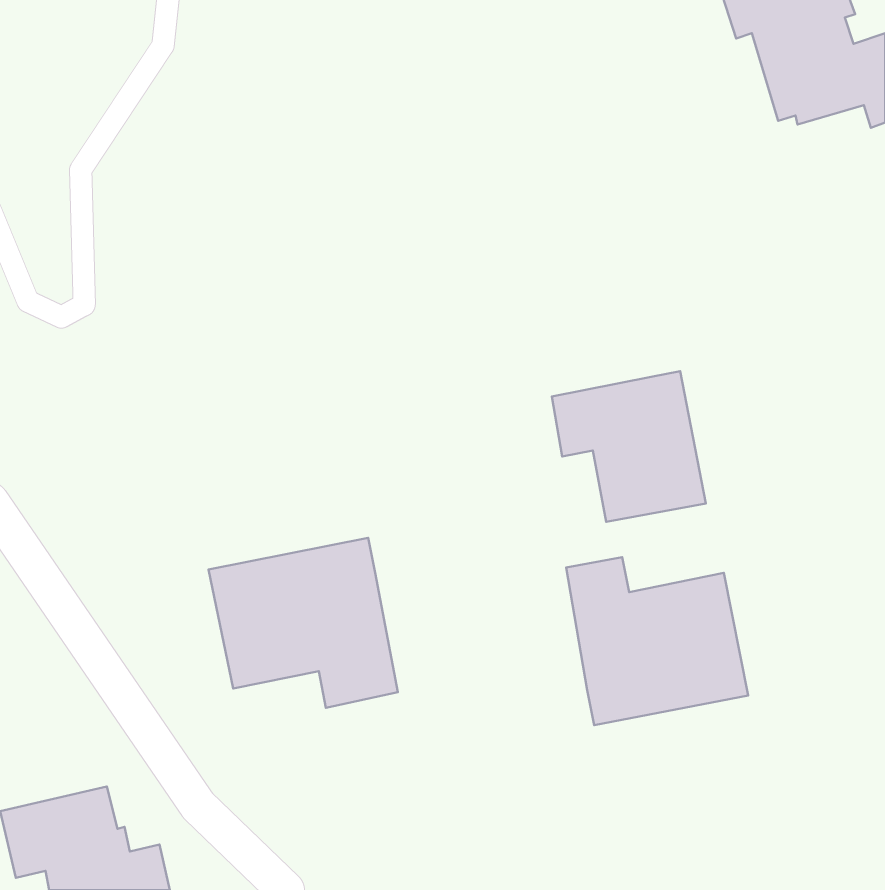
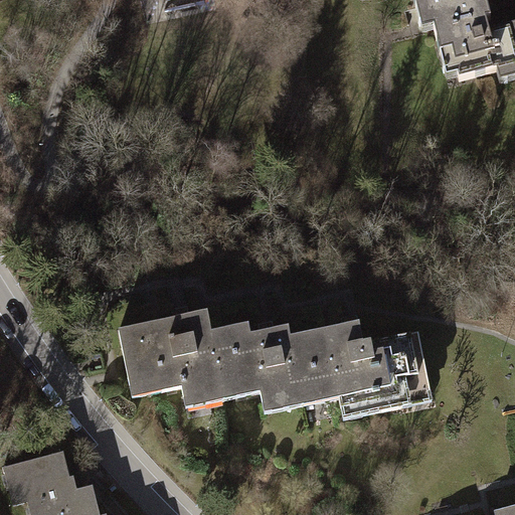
building: [552,371,706,522] -> none
building: none -> [215,322,337,410]

